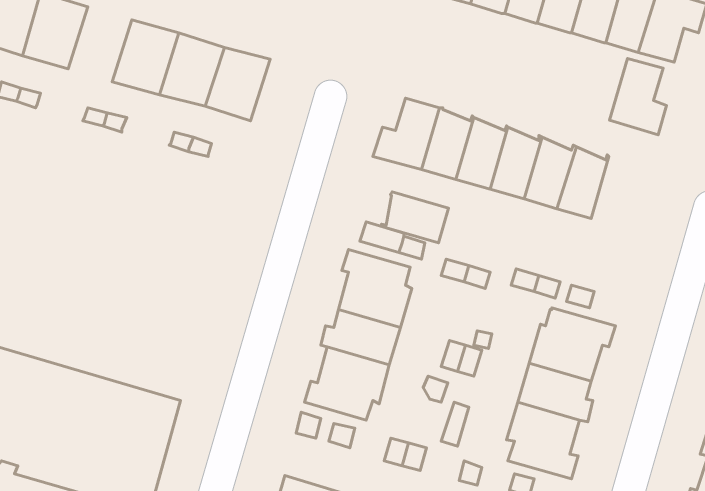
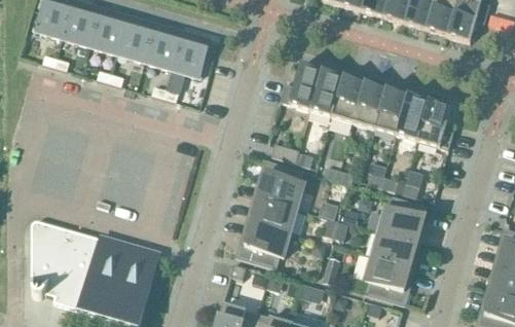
building: none -> [87,6,127,53]
building: [609,58,666,135] -> [417,101,453,149]
building: [381,192,449,243] -> none

